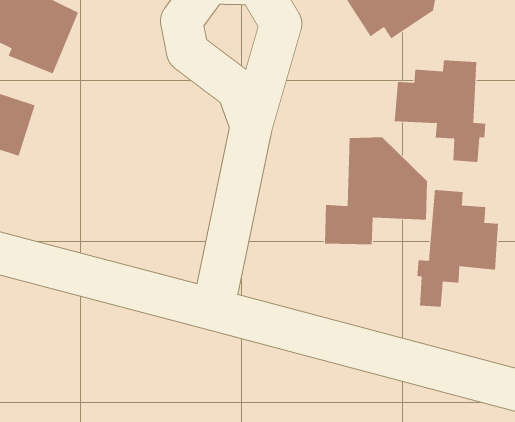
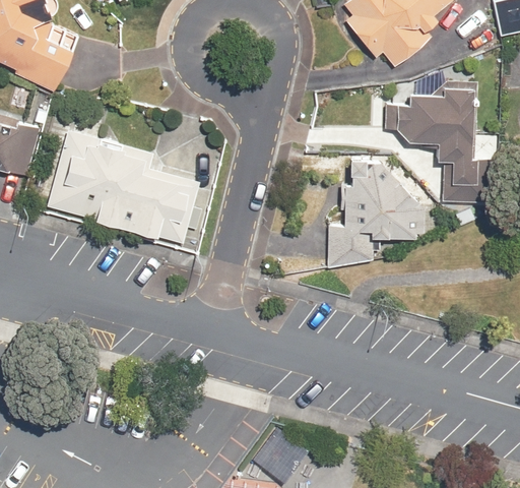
building: none -> [41,105,196,244]
building: [417,189,499,307] -> none

